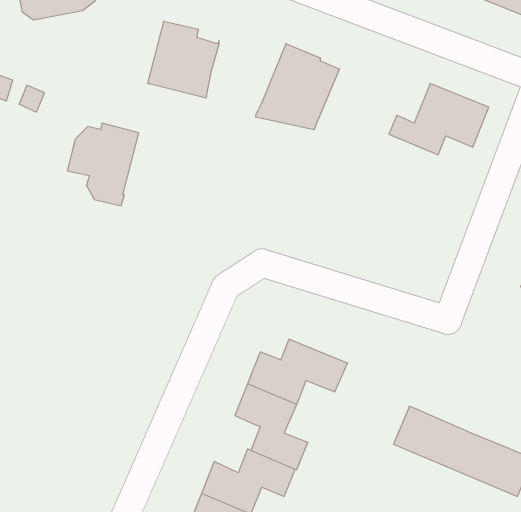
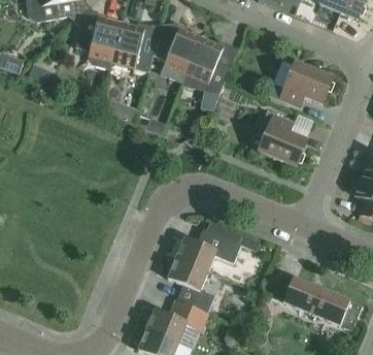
building: none -> [152,26,201,83]
building: [67,123,139,206] -> [75,15,122,69]
building: none -> [259,110,307,166]

